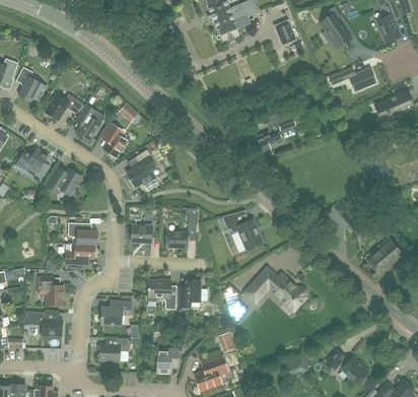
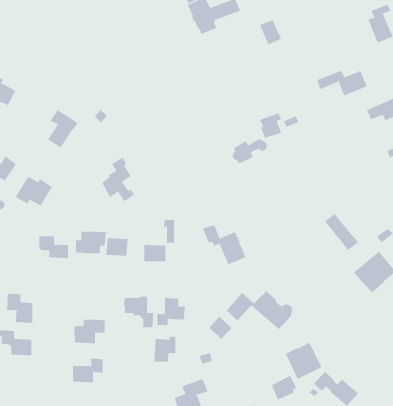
building: [321,6,350,48] -> none
building: [45,93,83,120] -> none
building: [103,123,126,156] -> none
building: [65,243,96,264] -> [75,231,109,254]
building: none -> [285,342,322,380]
building: [156,348,178,373] -> [154,336,176,362]

